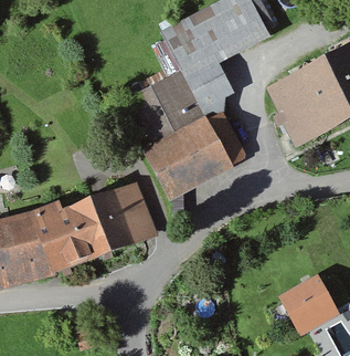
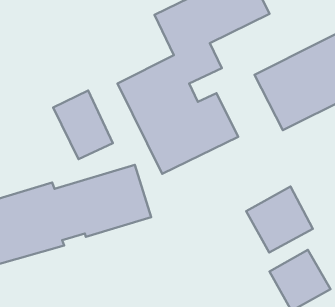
building: none -> [53,90,113,159]
building: none -> [246,186,313,253]

